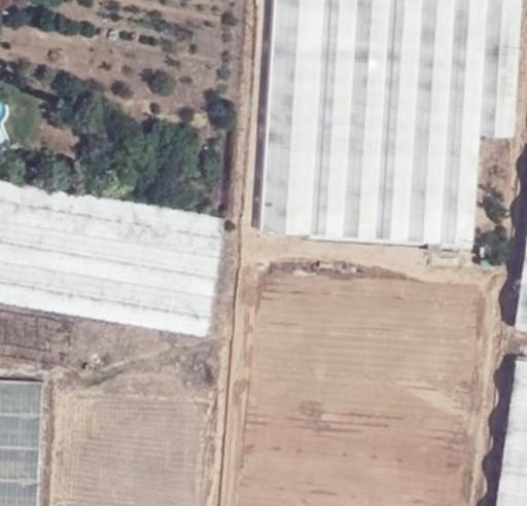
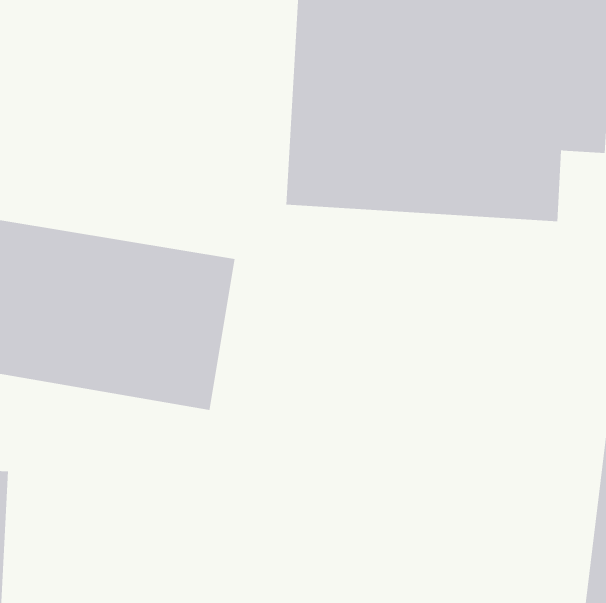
building: [261,176,478,245] -> none

